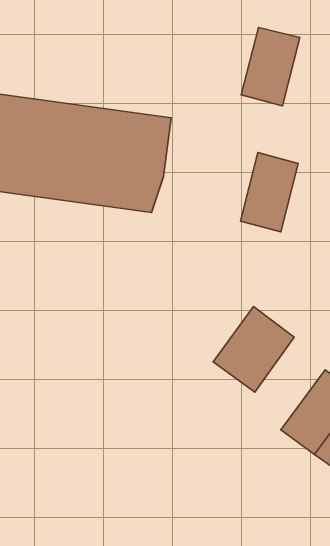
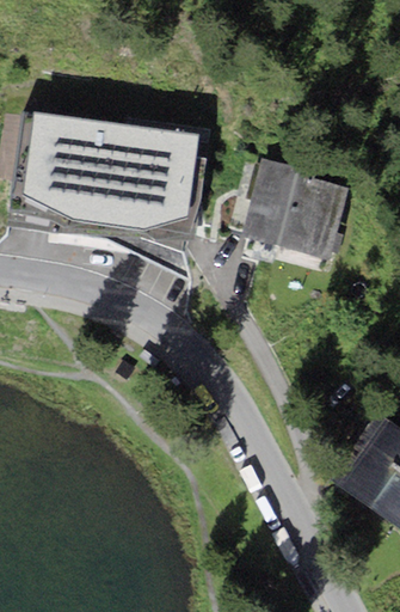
building: [241,28,300,106] -> [240,160,304,246]
building: [213,307,294,392] -> none

